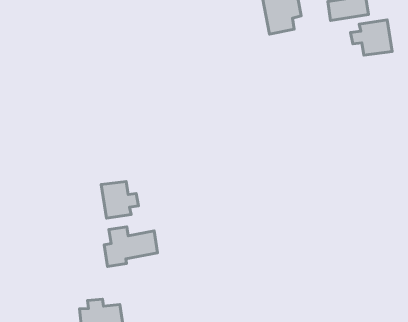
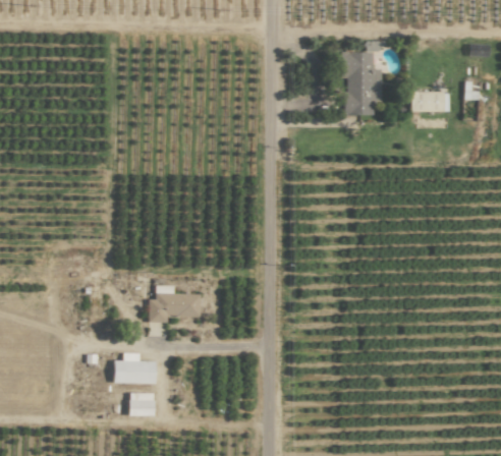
building: [351,20,392,55] -> none
building: [101,181,138,218] -> none

